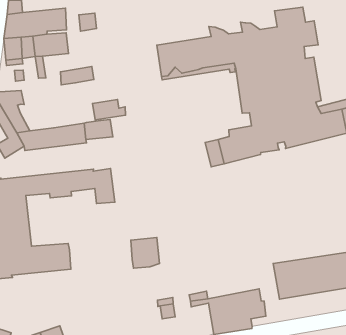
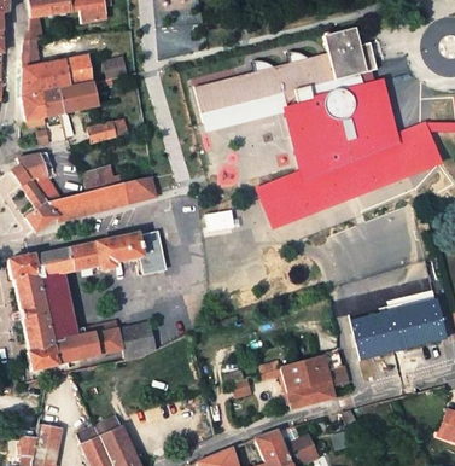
building: [93,100,126,120] -> [83,167,122,192]
building: [131,238,160,268] -> [119,322,154,360]

